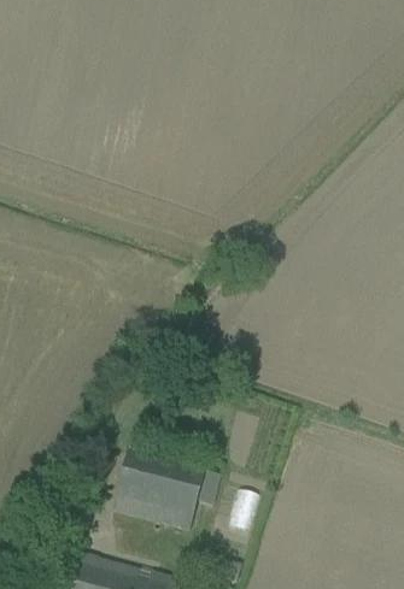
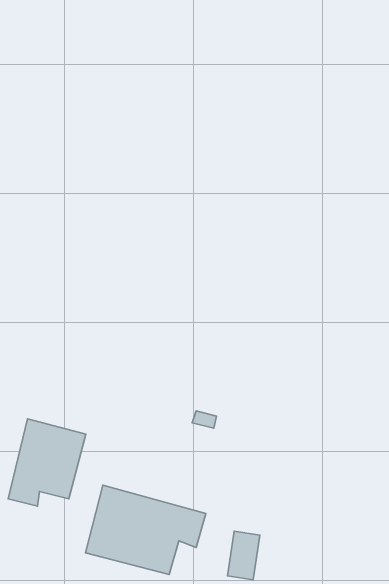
building: none -> [8,419,86,506]

